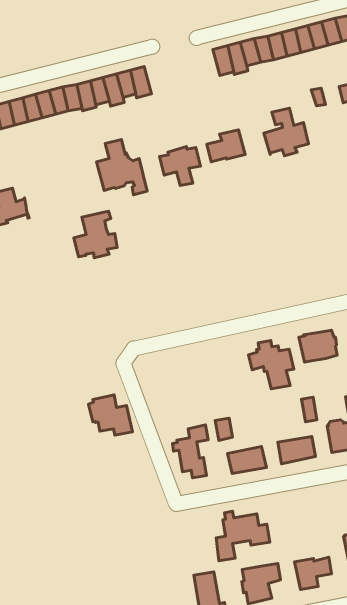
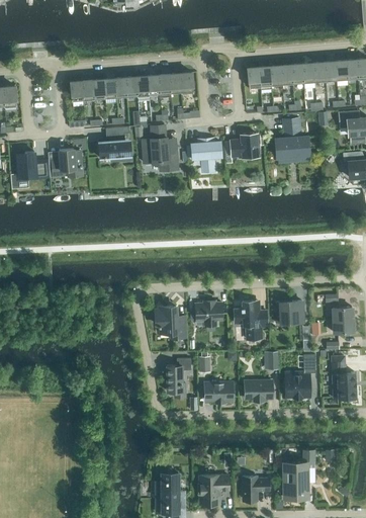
building: [74,211,117,258] -> [98,126,130,161]
building: none -> [195,303,222,326]
building: [89,395,132,435] -> [155,307,185,338]
building: [216,511,270,561] -> none

